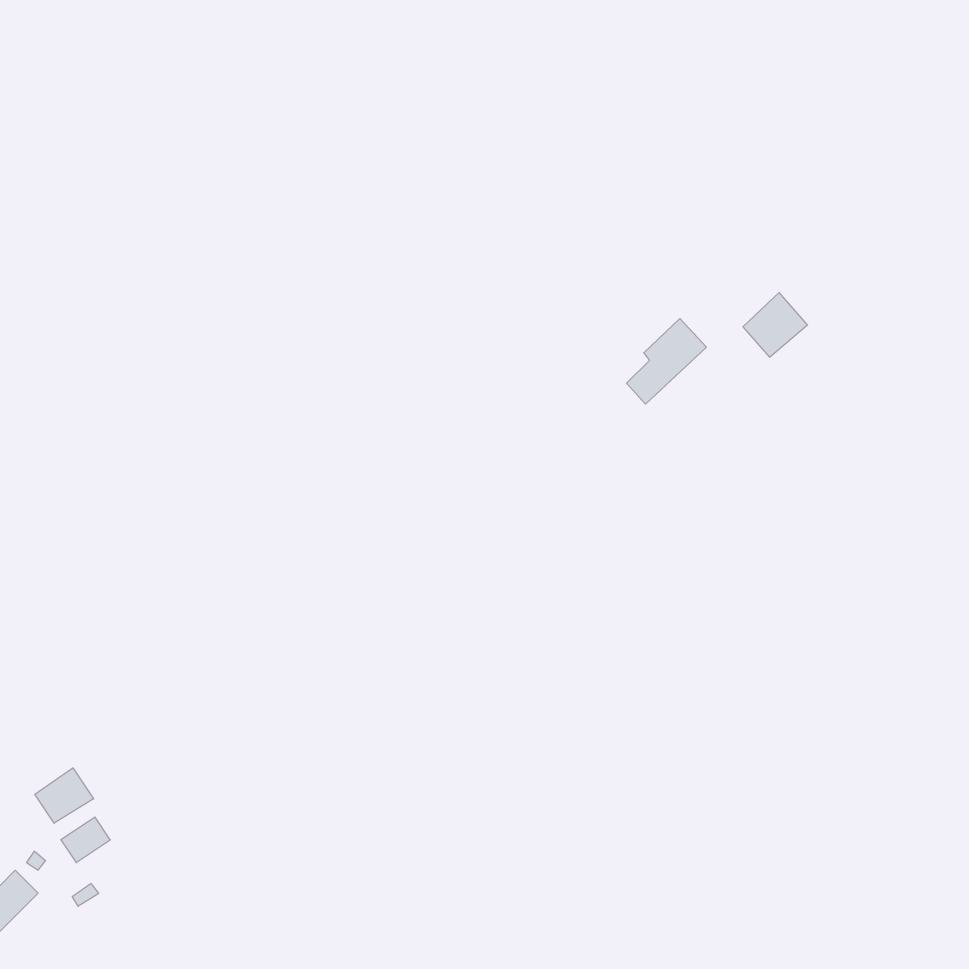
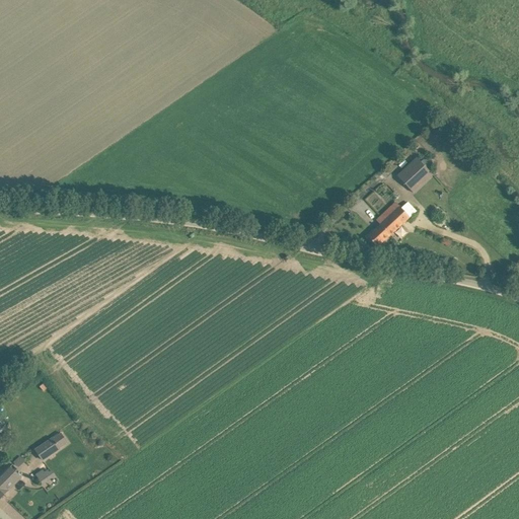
building: [627,319,706,404] -> [366,201,409,246]
building: [35,768,94,823] -> none

